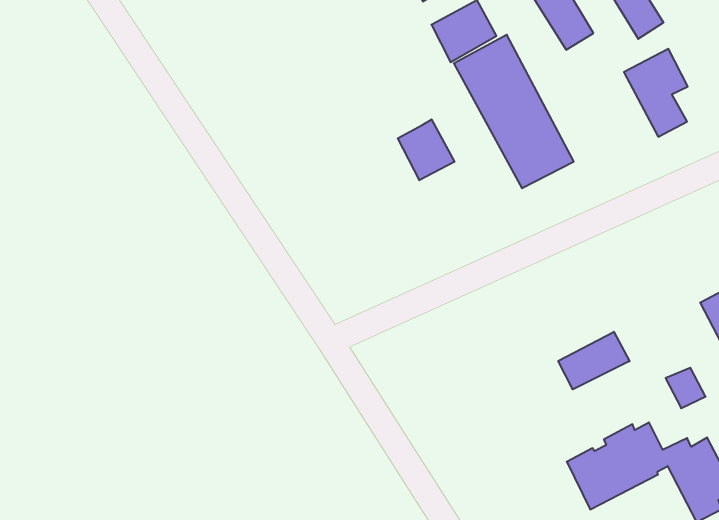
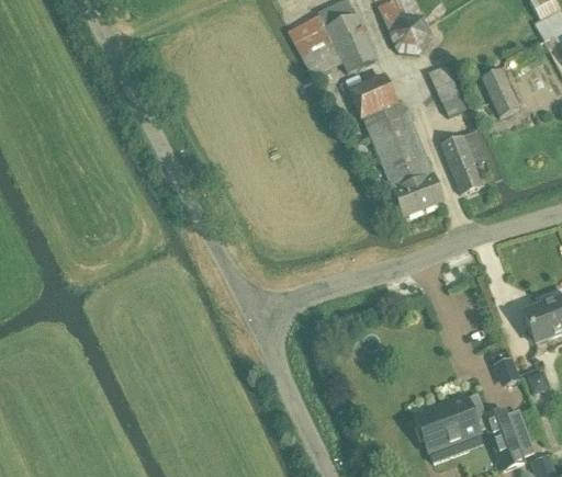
building: [624,49,688,137] -> [441,130,486,193]
building: [398,119,454,180] -> none
building: [558,332,630,389] -> none

